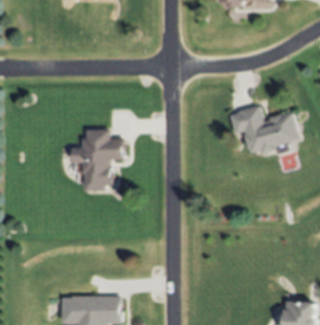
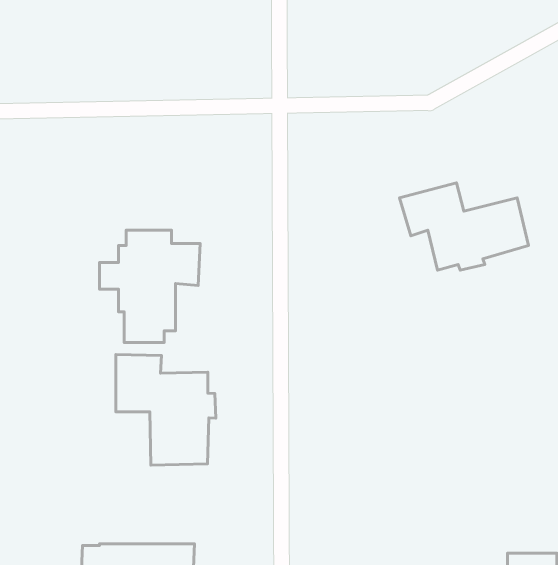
building: none -> [116,354,216,465]

